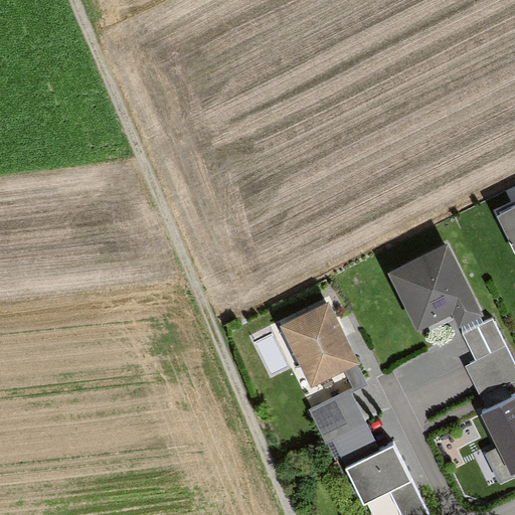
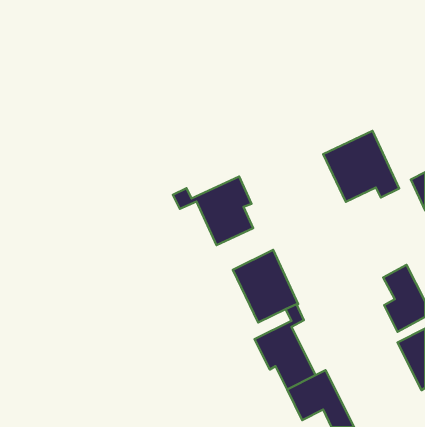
building: none -> [173,177,253,245]
building: [389,245,481,331] -> [323,131,399,202]

